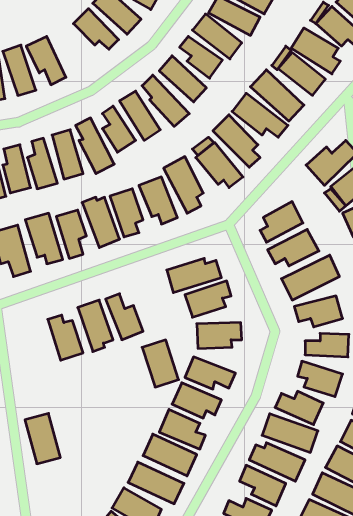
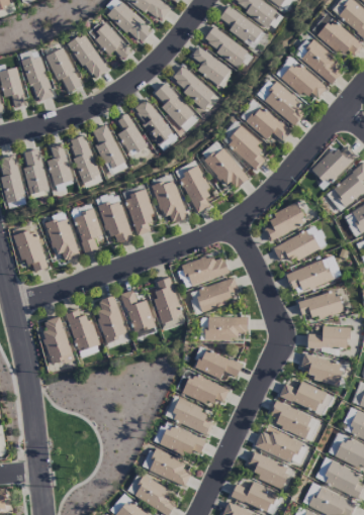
building: none -> [69,32,110,80]
building: [142,340,179,387] -> [150,279,184,323]
building: [25,413,60,464] -> [39,317,73,365]

